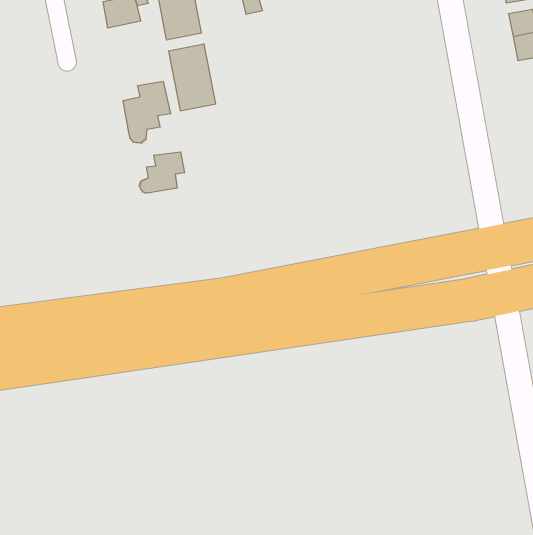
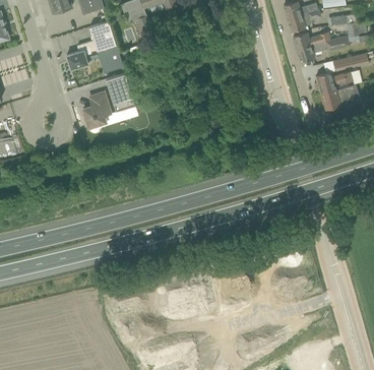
building: [139,152,184,193] -> none

